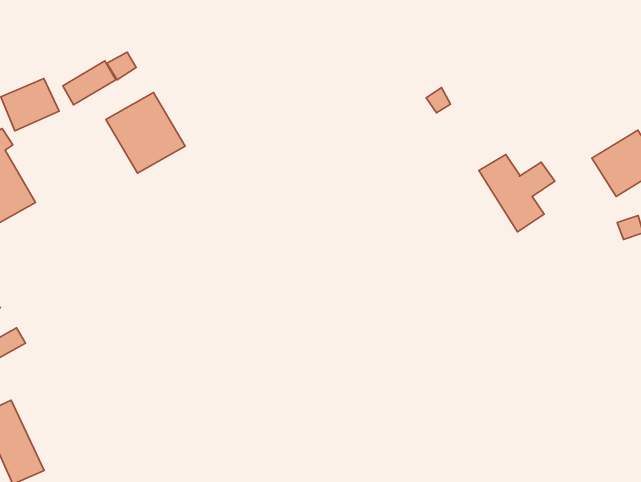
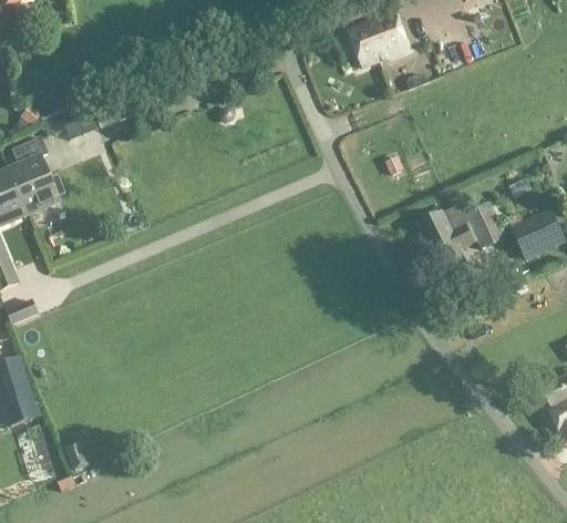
building: [106,93,185,173] -> none
building: none -> [465,202,505,247]

